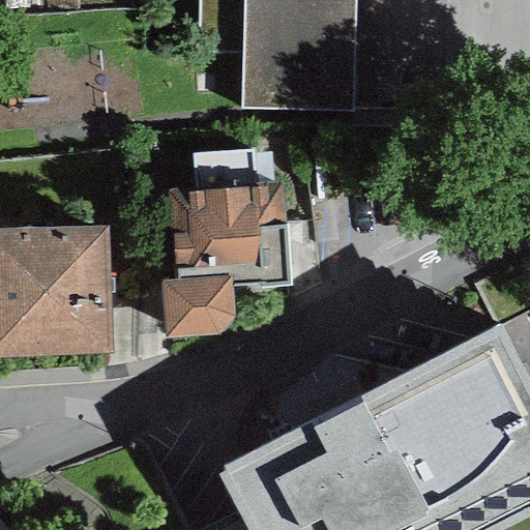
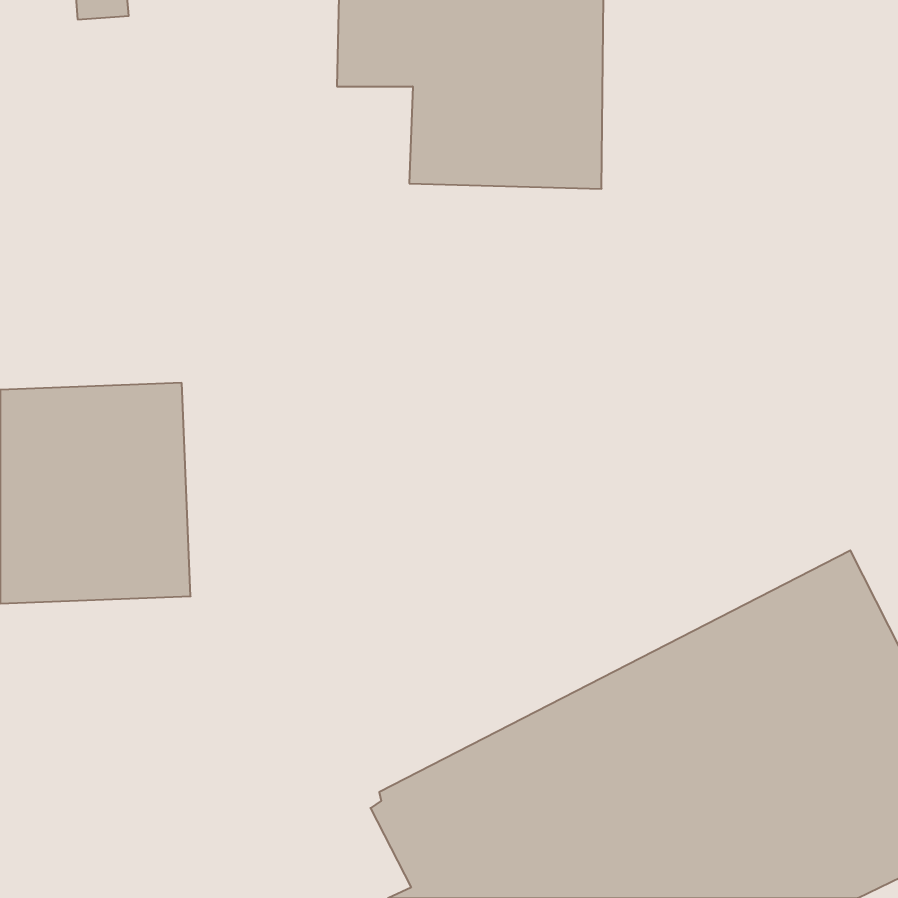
building: [164,149,291,335] -> none

